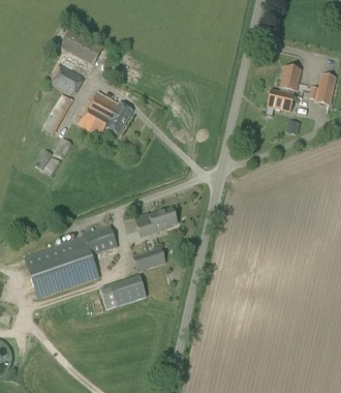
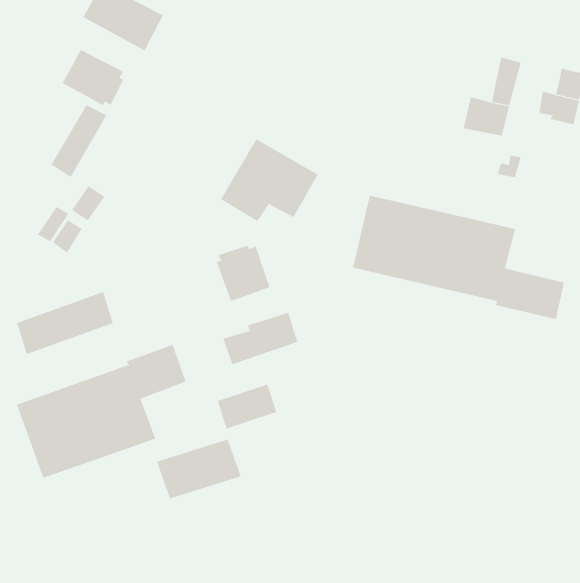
building: [79,91,132,137] -> [220,139,318,222]
building: none -> [352,195,564,320]
building: none -> [216,245,270,302]
building: none -> [17,291,113,355]

